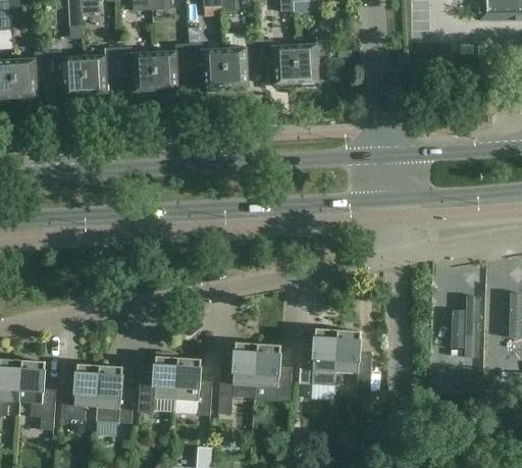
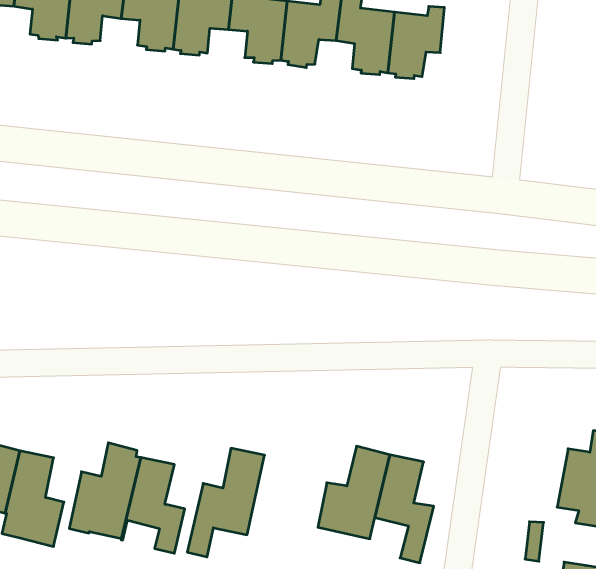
building: [254,344,291,402] -> none

